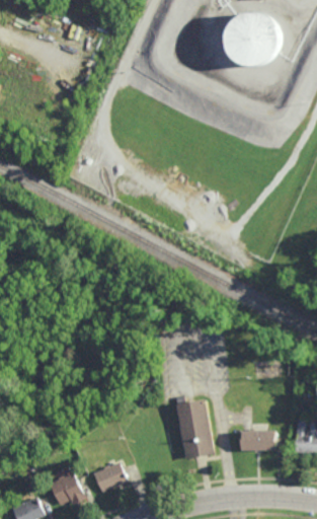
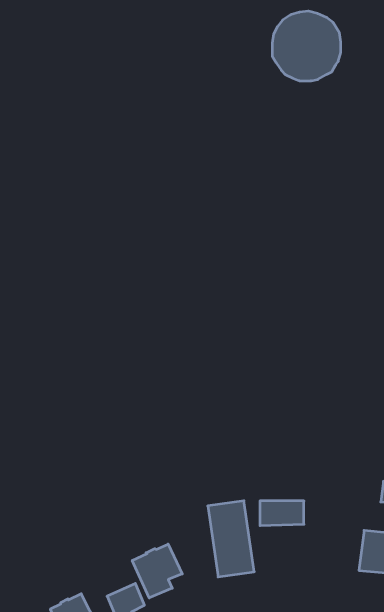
building: [240,430,274,449] -> [260,501,304,526]
building: none -> [132,544,182,598]

